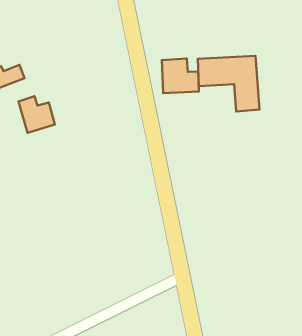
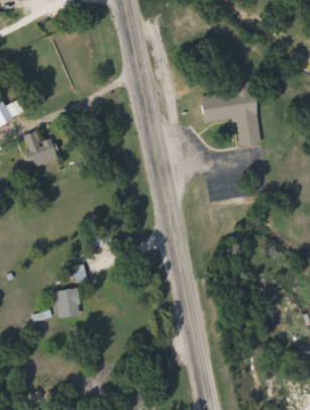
building: [162,58,199,93] -> none
building: none -> [51,290,78,316]

